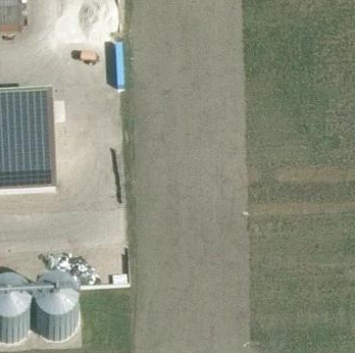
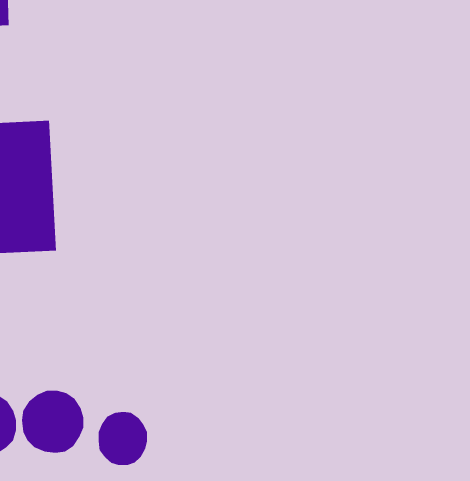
building: none -> [98,411,148,466]

